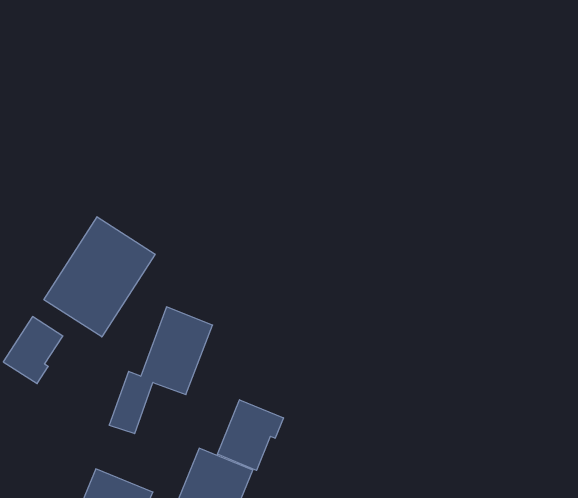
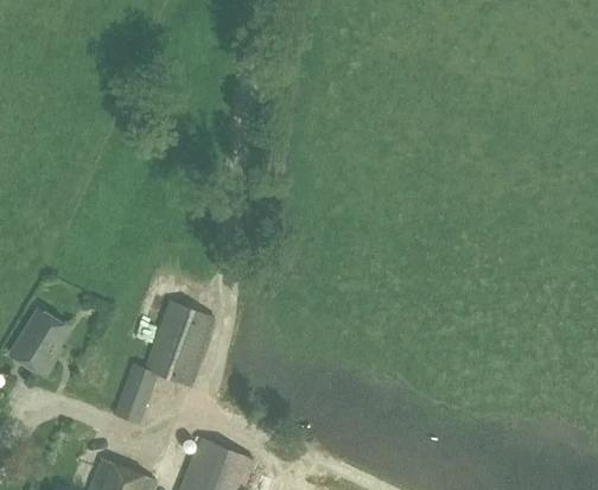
building: [44,217,155,337] -> none
building: [217,400,283,470] -> none

